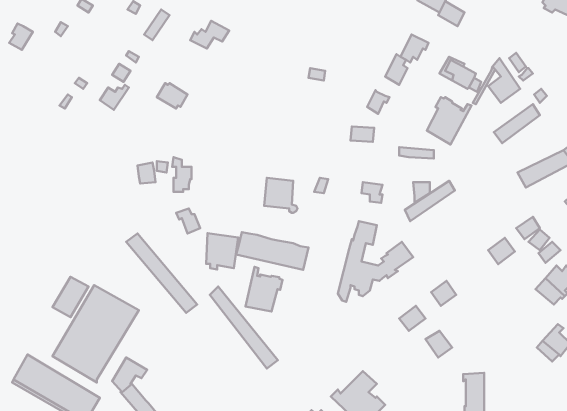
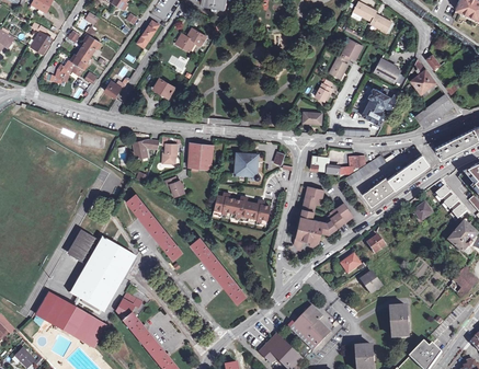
building: none -> [53,26,101,83]
building: none -> [361,154,427,207]
building: [206,233,238,269] -> [187,142,213,171]
building: [246,267,282,311] -> none

